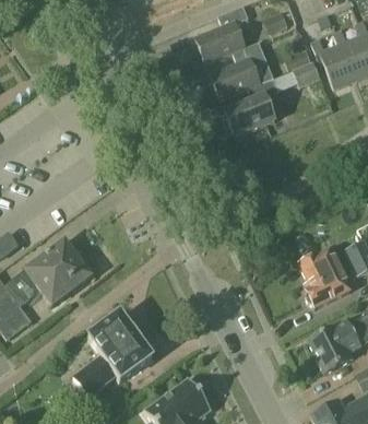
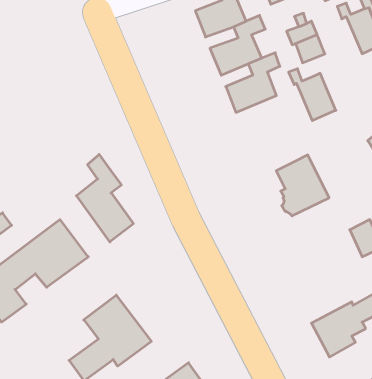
building: [311,38,357,89] -> [289,69,336,121]
building: none -> [76,154,133,242]
building: [299,248,351,307] -> [276,155,329,216]

